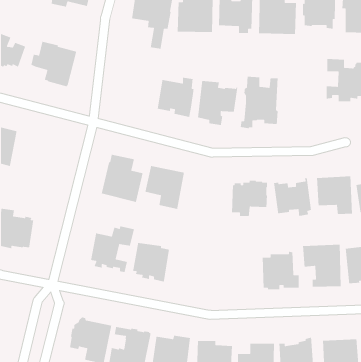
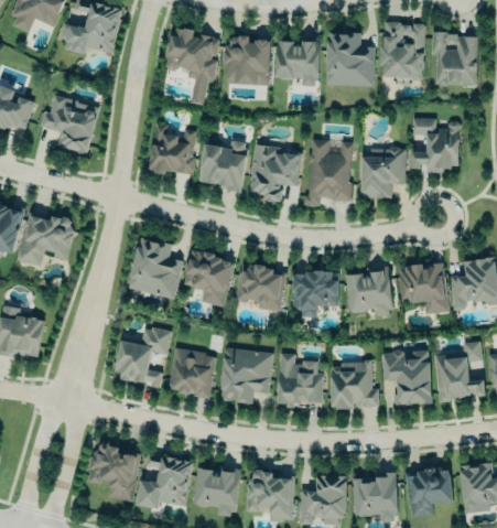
building: none -> [149,122,195,174]
building: none -> [360,148,404,197]
building: none -> [18,215,75,267]
building: none -> [236,263,287,311]
building: none -> [220,348,272,403]
building: none -> [278,354,323,407]

